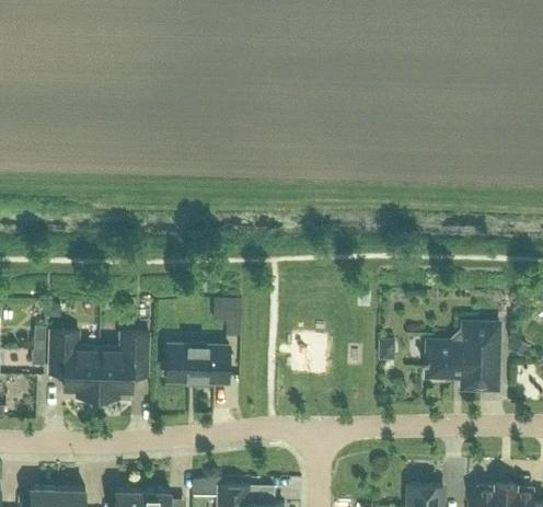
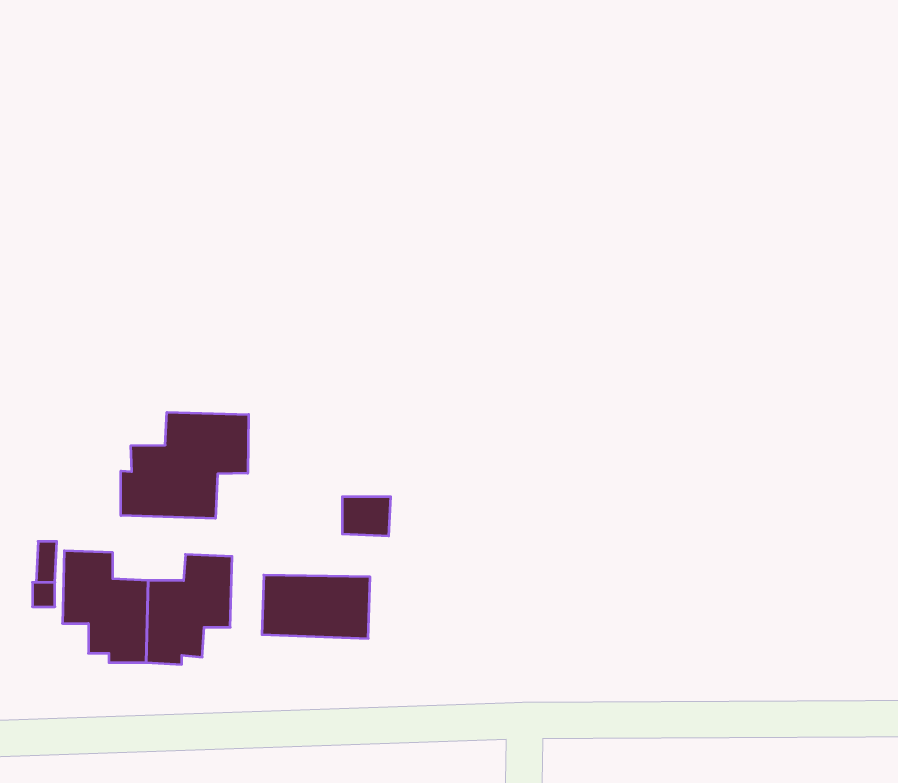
building: none -> [121,412,249,518]
building: [424,324,499,390] -> none

